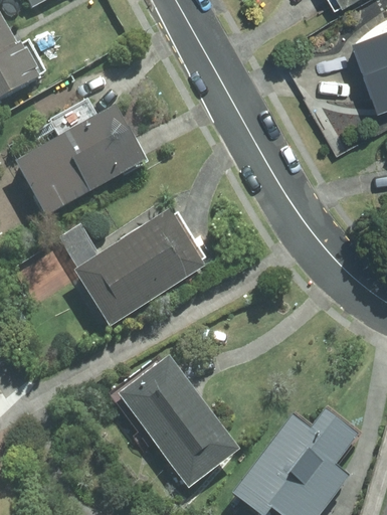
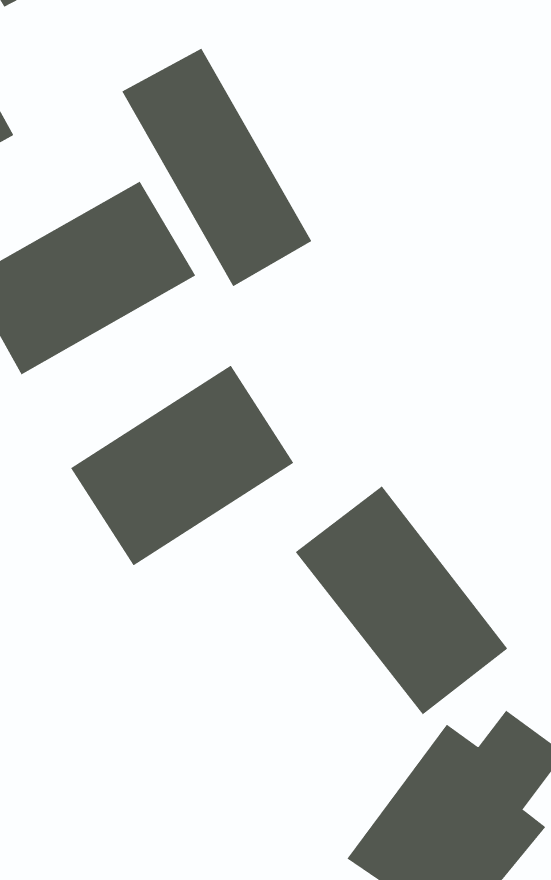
building: none -> [122,48,312,287]
building: [117,356,239,488] -> [295,486,508,715]

